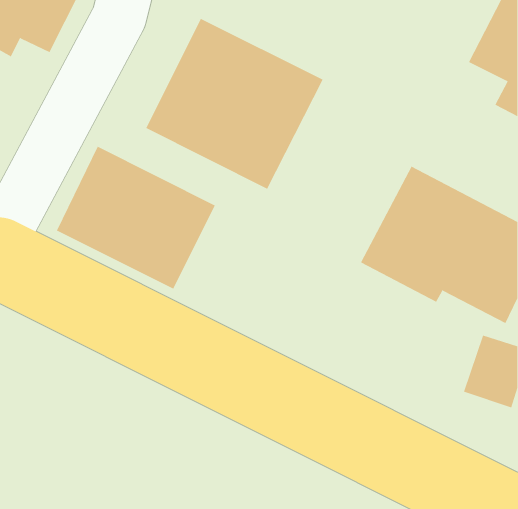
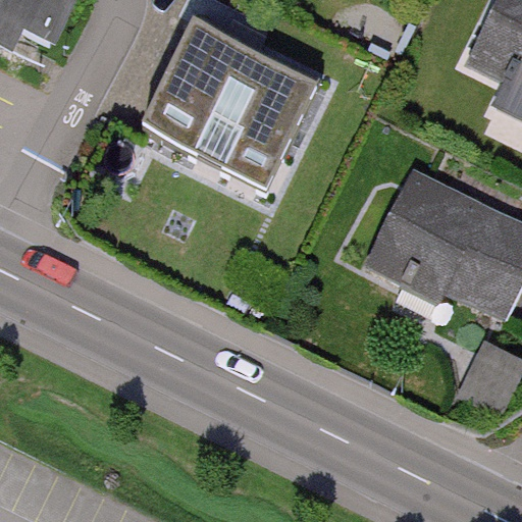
building: [56,146,216,289] -> none

